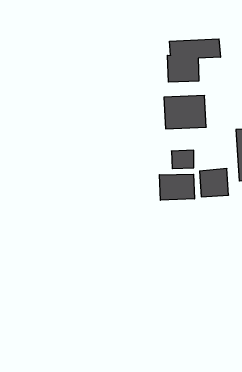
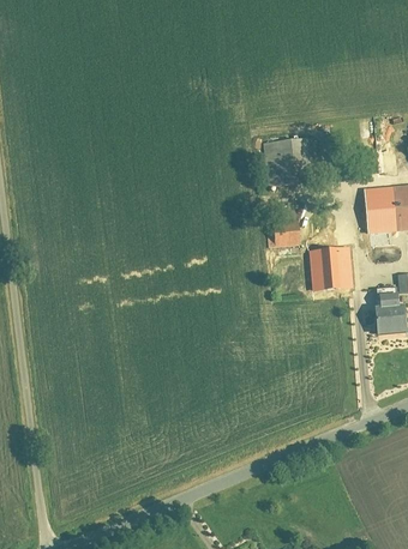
building: [167,39,220,82] -> none
building: [159,174,194,200] -> none

